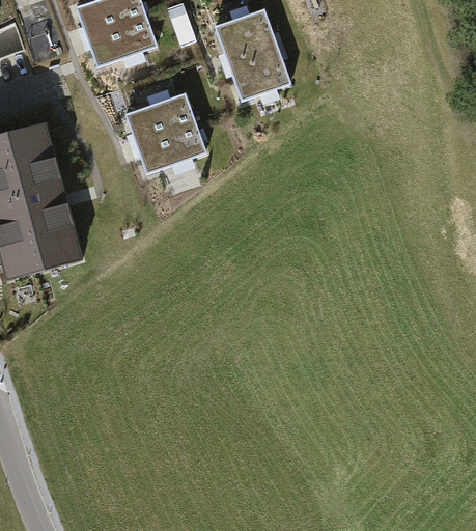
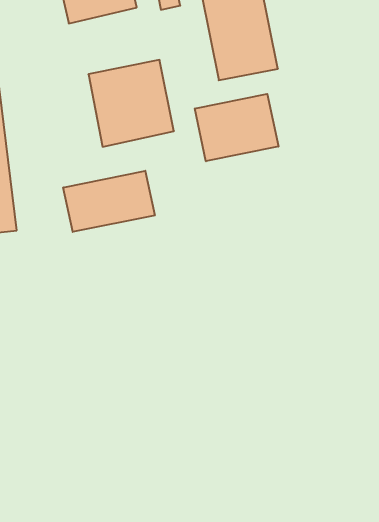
building: none -> [195,94,278,161]
building: none -> [63,171,155,232]

